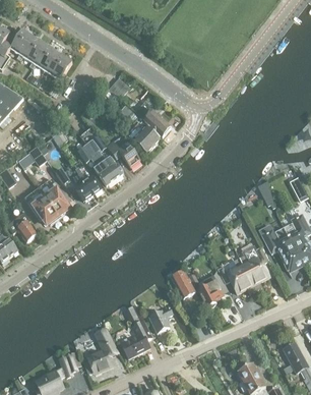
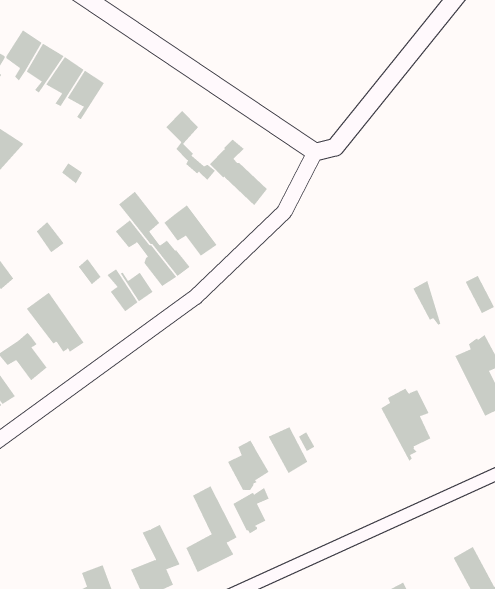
building: [128,124,159,152] -> none
building: [38,178,69,218] -> none
building: [261,226,301,268] -> none
building: [216,258,255,293] -> none
building: [197,275,223,305] -> [227,440,269,490]

